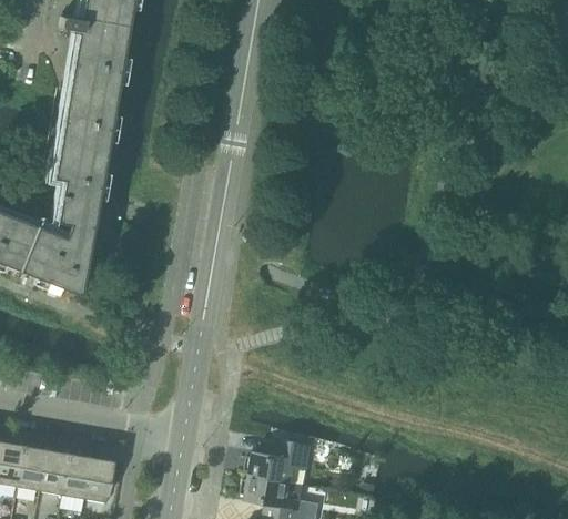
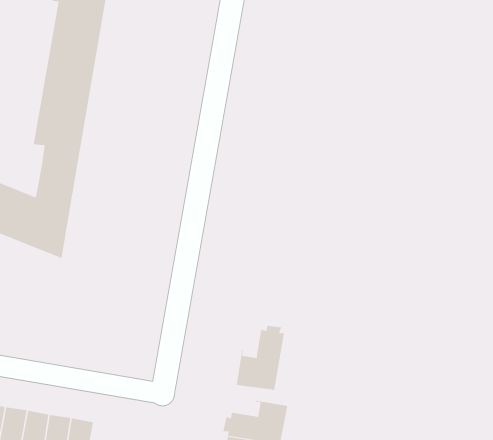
building: none -> [236,325,284,391]

